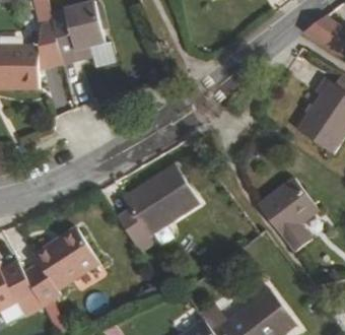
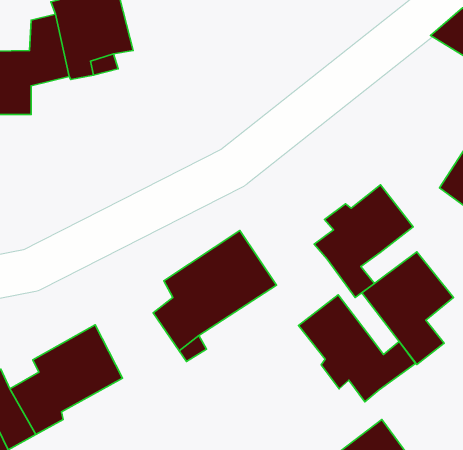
building: none -> [314,185,413,298]
building: none -> [299,295,415,402]

